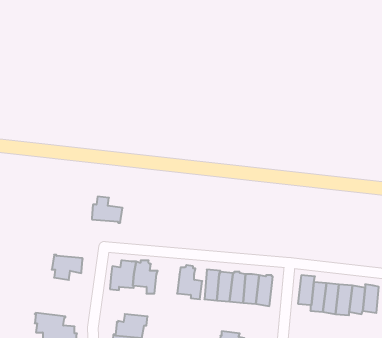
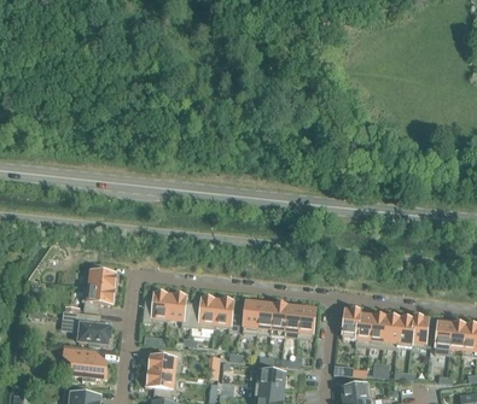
building: [92,197,123,223] -> [86,262,118,289]
building: none -> [190,293,217,328]
building: none -> [62,310,111,345]

